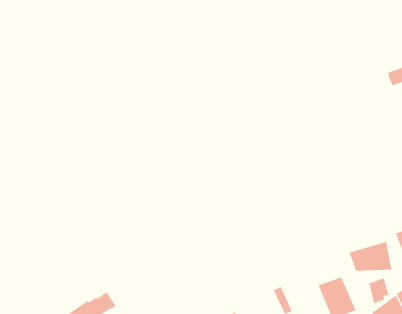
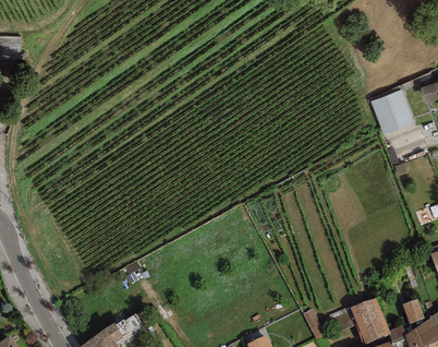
building: none -> [370,91,411,132]
building: [348,241,392,272] -> none

